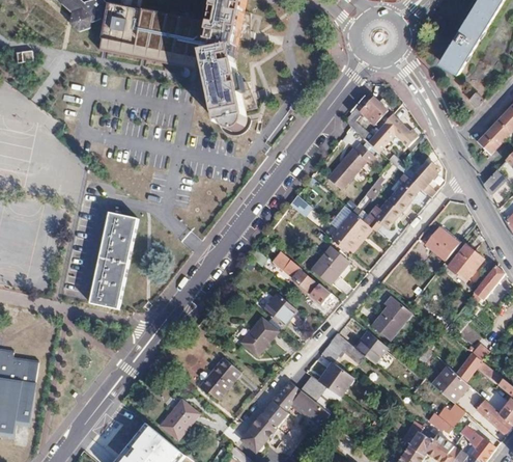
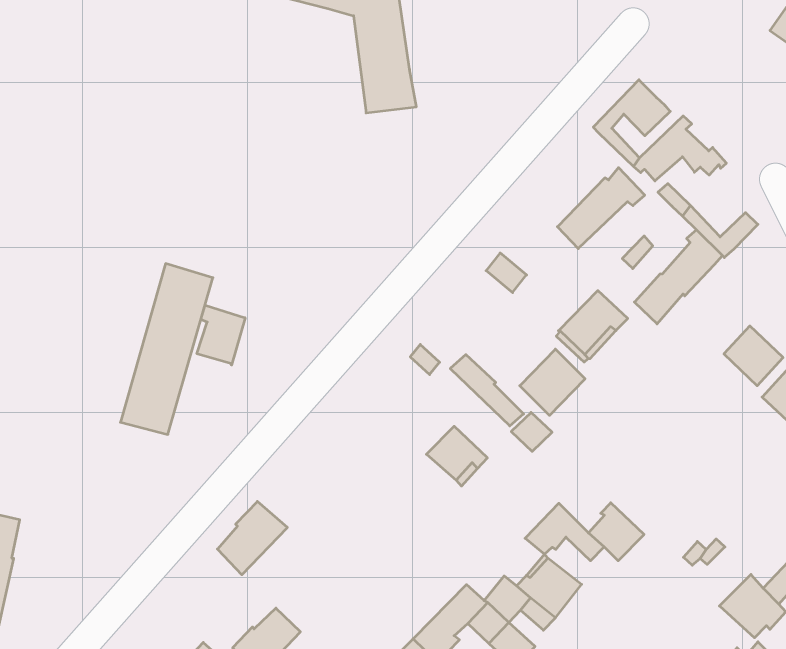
building: none -> [197,305,245,365]
building: [372,297,410,341] -> none
building: [240,319,277,355] -> none
building: [202,358,240,400] -> [217,501,287,575]

